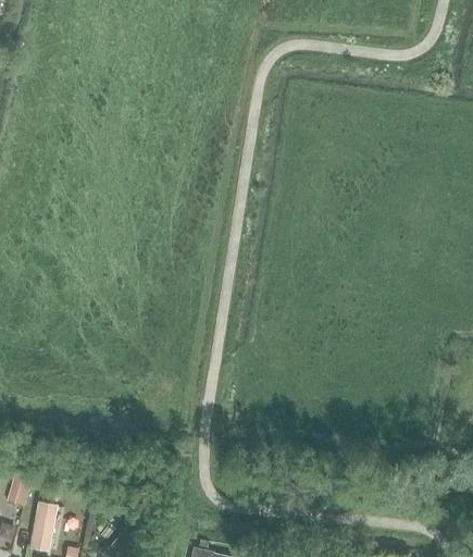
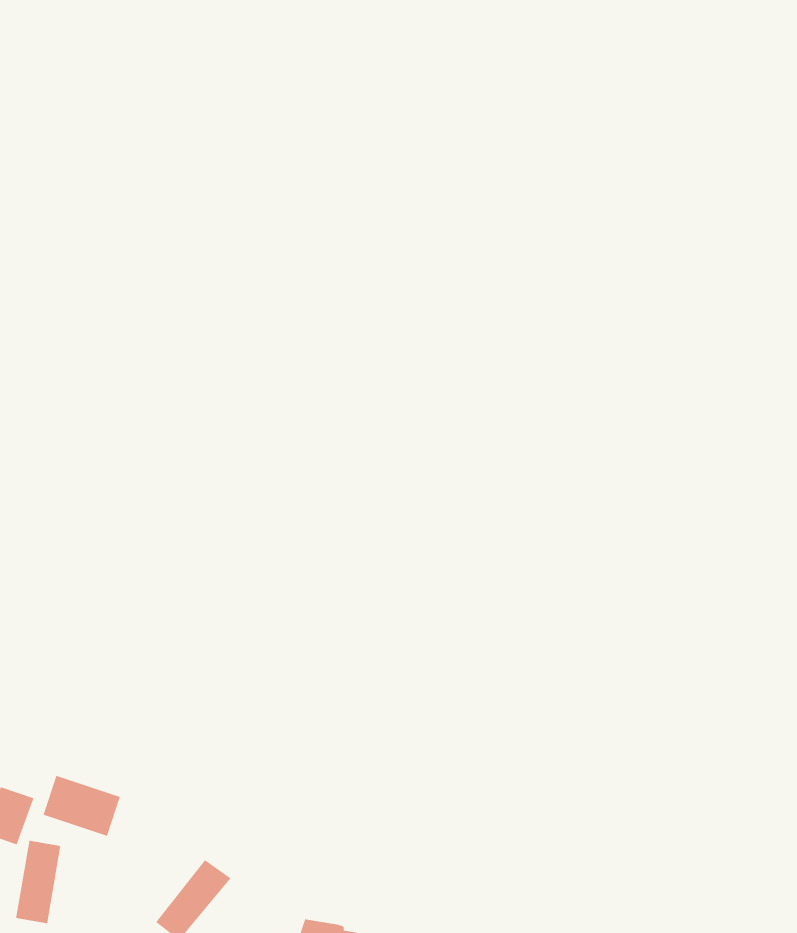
building: none -> [42,775,121,837]

